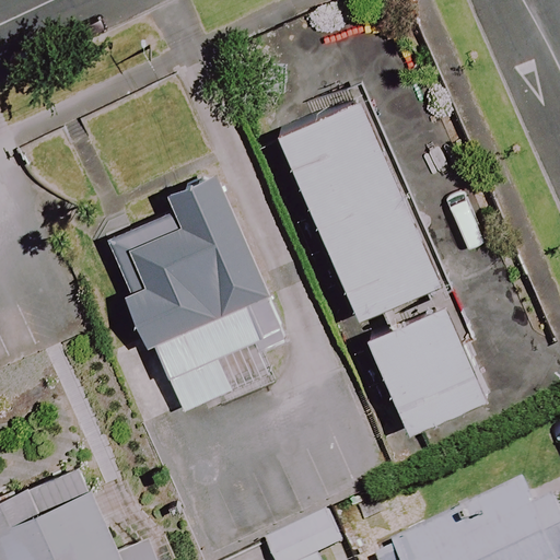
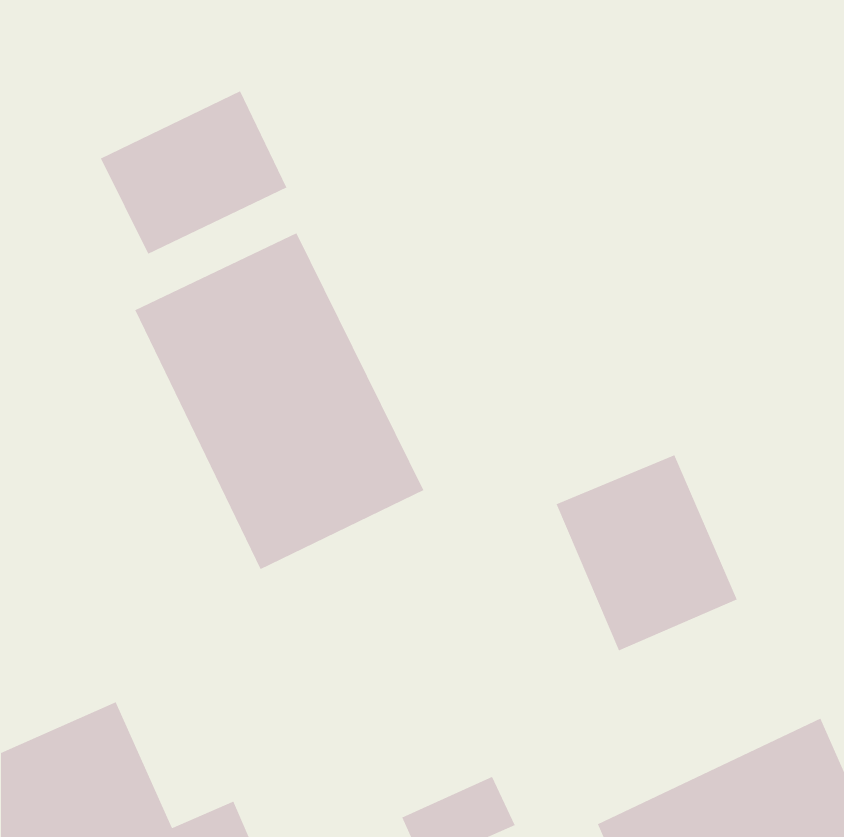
building: none -> [100,90,287,255]
building: [276,96,443,319] -> none

